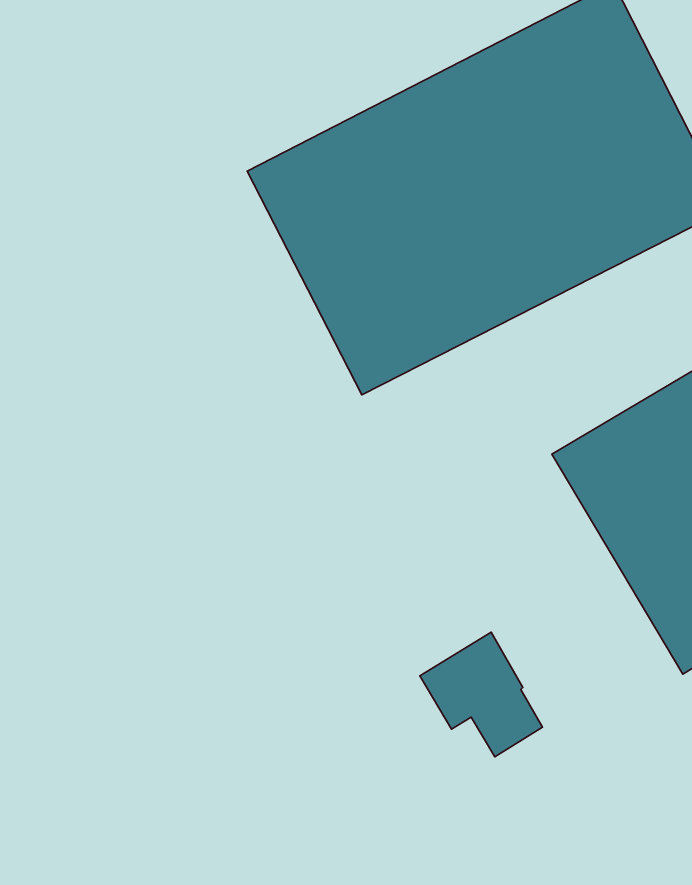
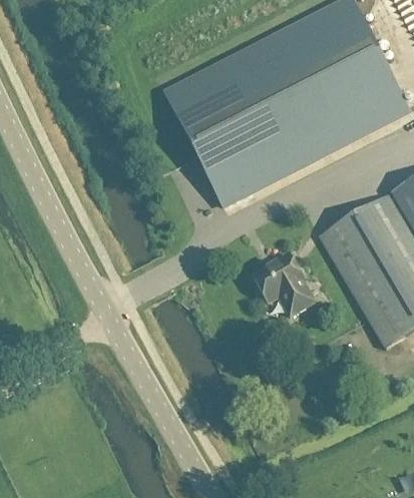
building: [420,632,542,757] -> [252,252,314,315]

